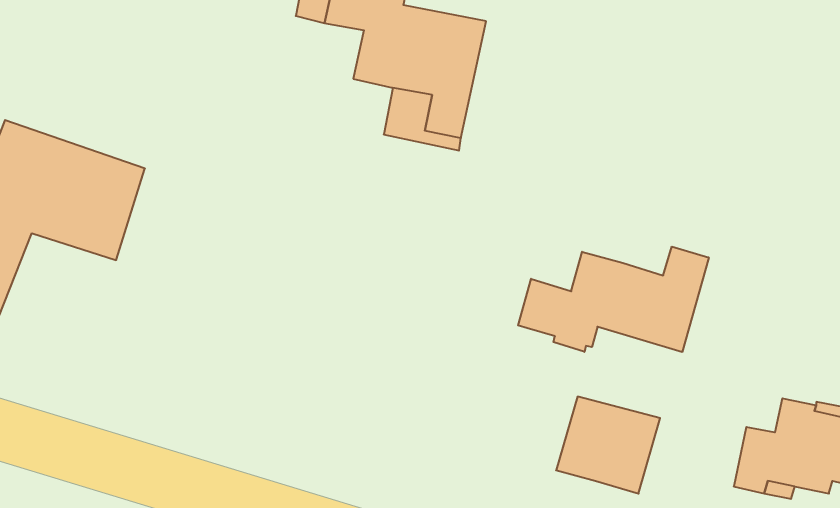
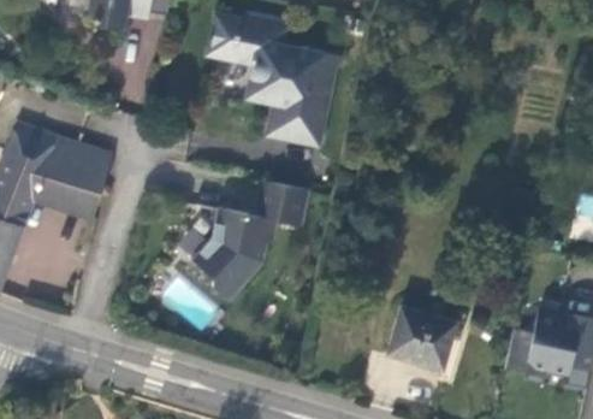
building: none -> [194,177,310,299]
building: [518,247,709,352] -> none

